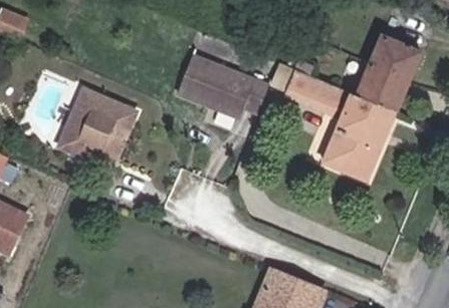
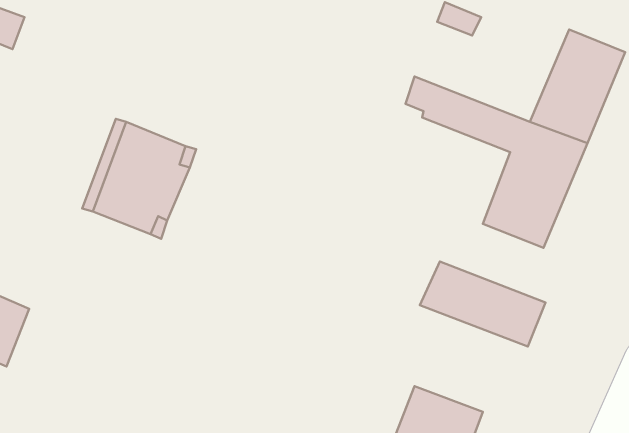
building: [173,50,267,117] -> none
building: none -> [420,262,545,346]

